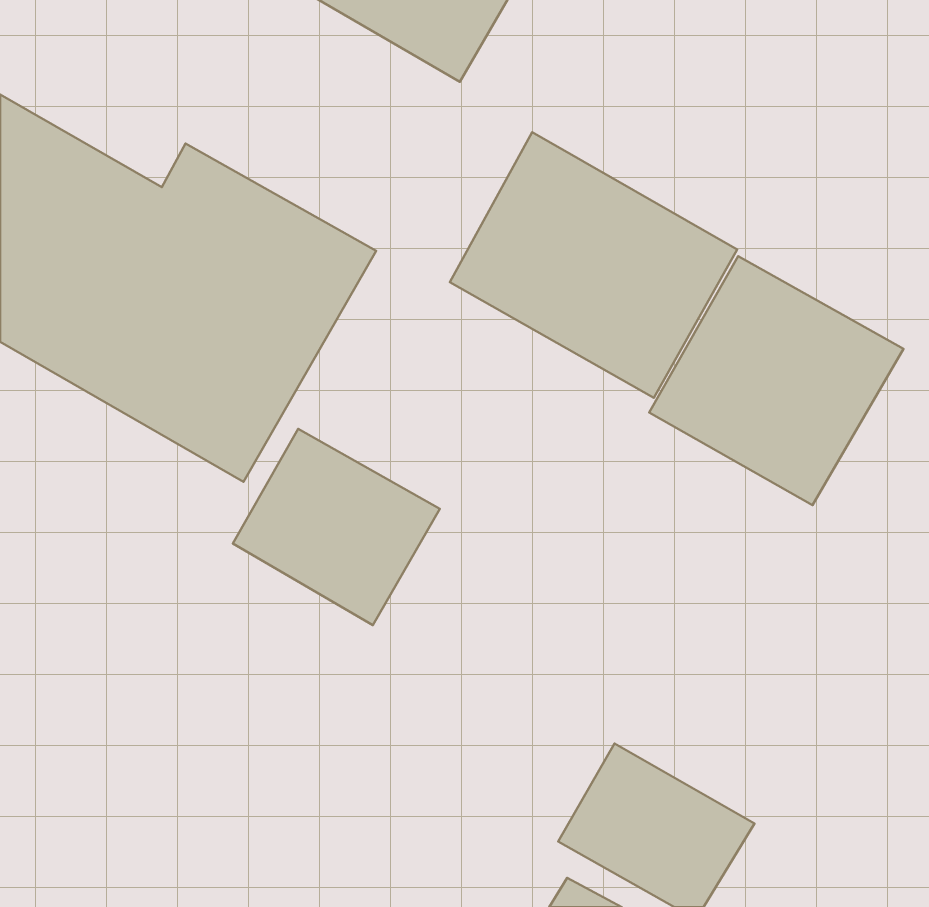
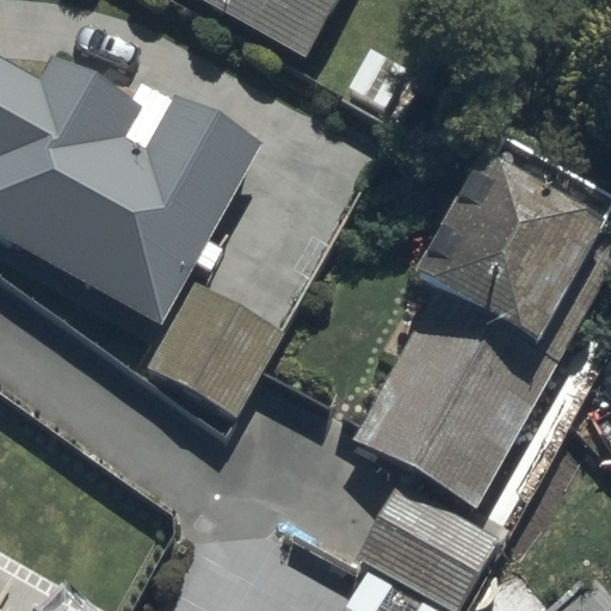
building: [450,132,737,398] -> none
building: none -> [363,335,529,500]

